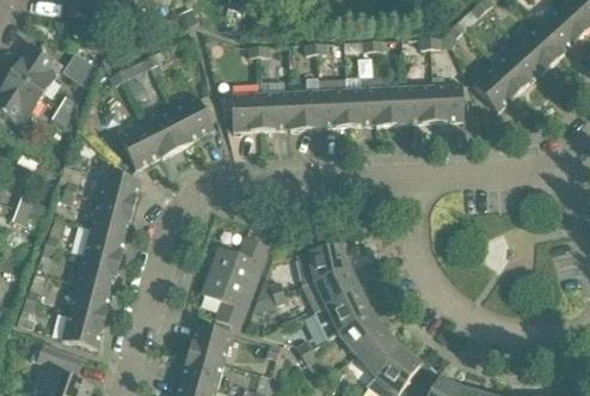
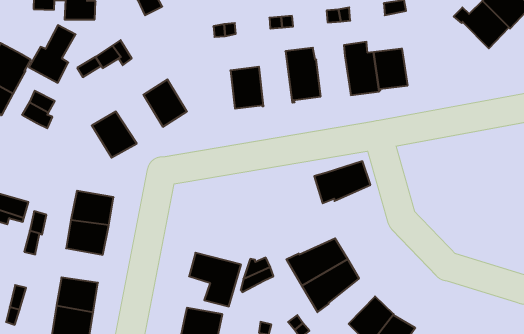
building: [472,63,518,111] -> none
building: [431,75,463,122] -> none
building: [346,77,377,127] -> none
building: [289,78,319,130] -> none
building: [231,92,262,132] -> none
building: [143,109,190,158] -> none
building: [98,170,141,208] -> none
building: [210,236,270,286] -> none
building: [295,244,350,282] -> [314,161,370,203]
building: [75,255,118,292] -> none
building: [338,310,385,354] -> none

